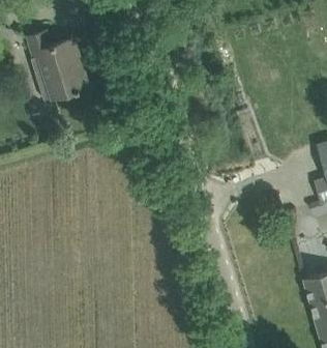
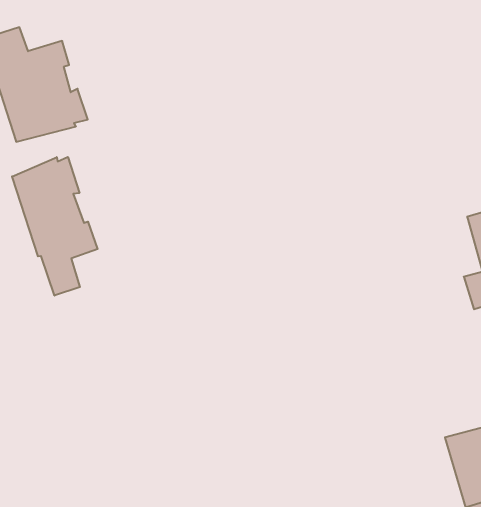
building: none -> [12,157,98,296]

